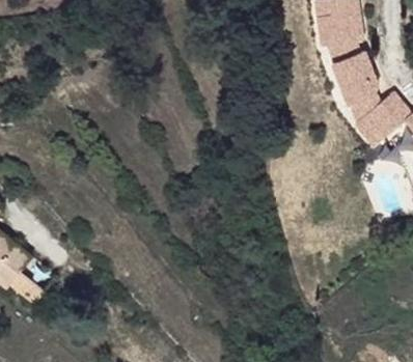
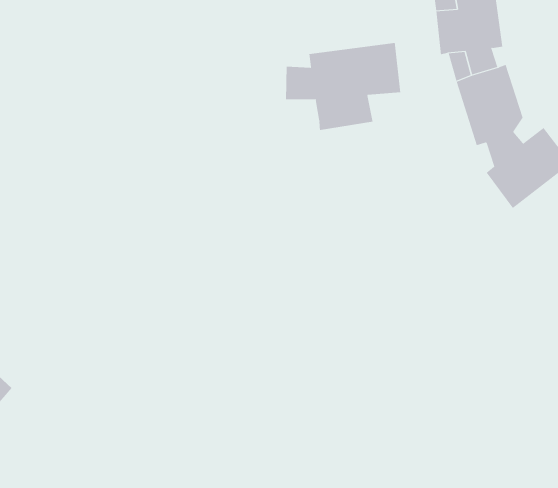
building: none -> [285,42,401,131]

